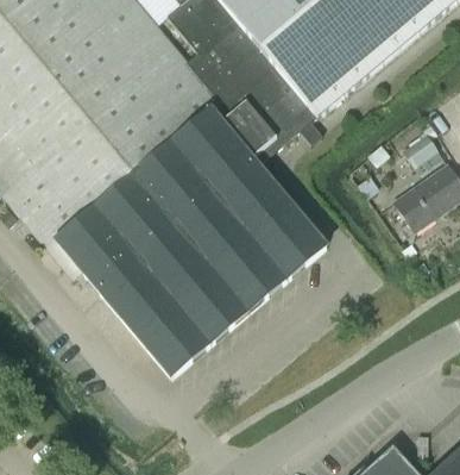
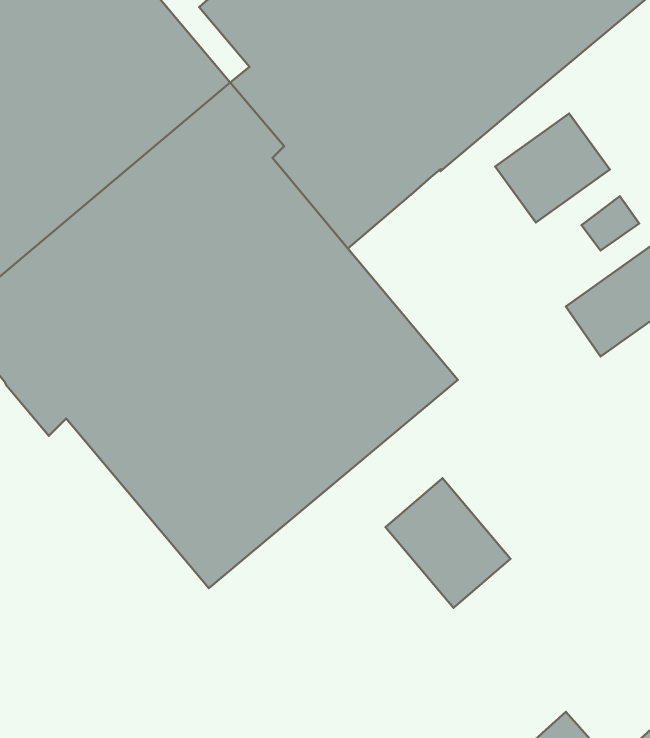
building: none -> [495,114,610,223]
building: none -> [385,478,510,608]

